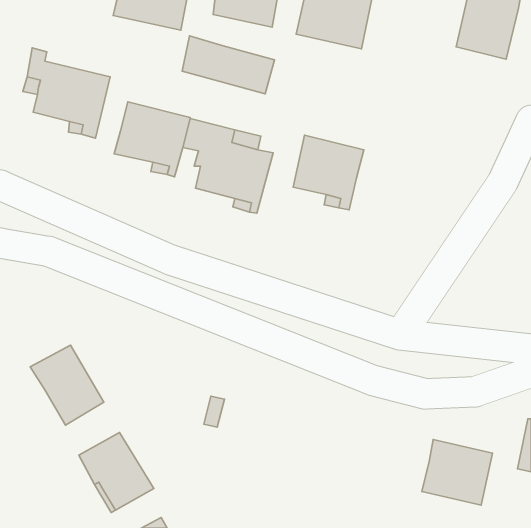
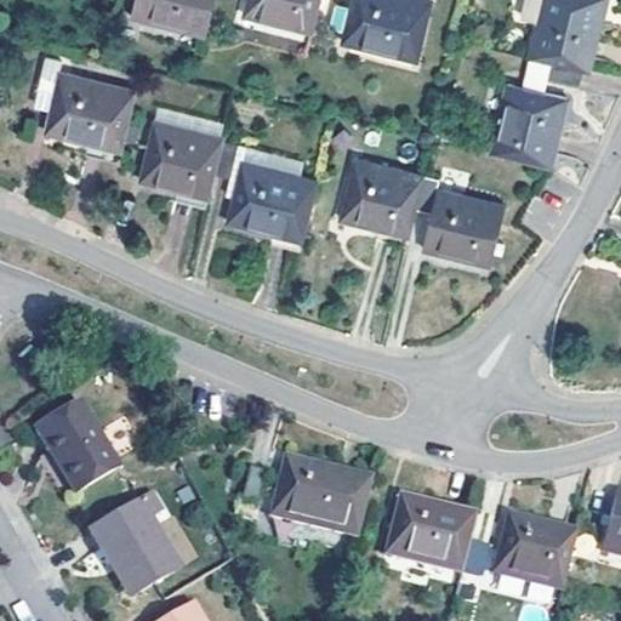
building: [182,36,275,94] -> none
building: none -> [495,55,586,166]
building: none -> [416,175,506,264]
building: none -> [269,452,371,532]
building: none -> [383,495,473,572]

